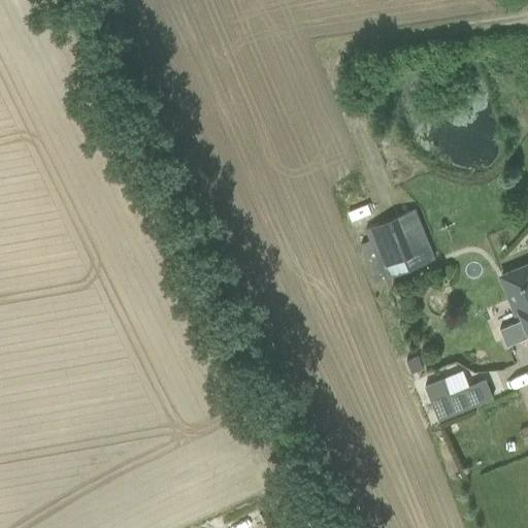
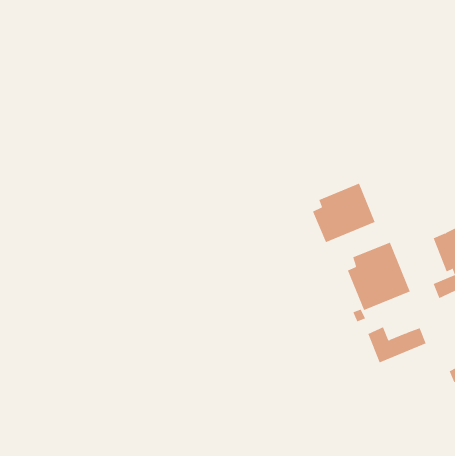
building: none -> [347,242,411,311]

